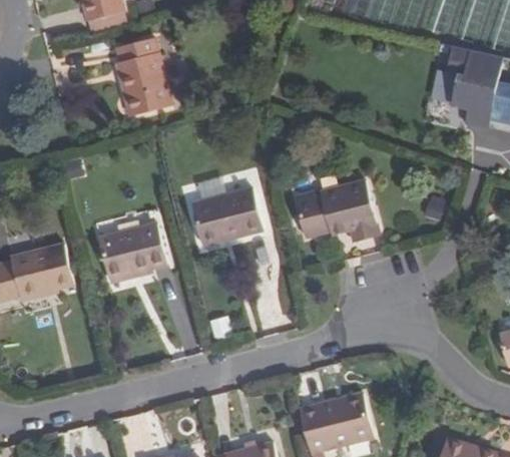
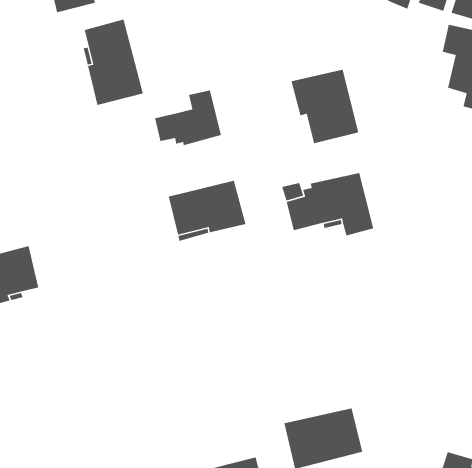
building: none -> [291,69,359,144]
building: none -> [154,90,222,146]
building: [98,223,167,281] -> none

